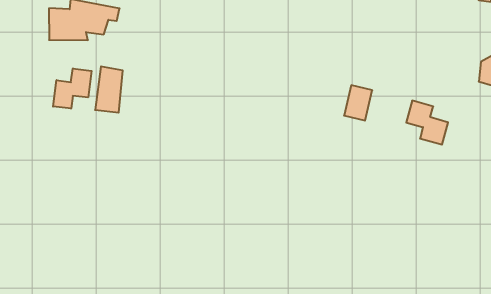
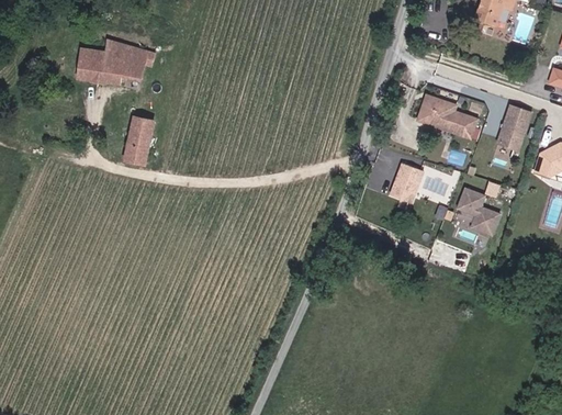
building: none -> [418,93,481,141]
building: none -> [497,103,533,153]
building: [53,68,92,109] -> none

